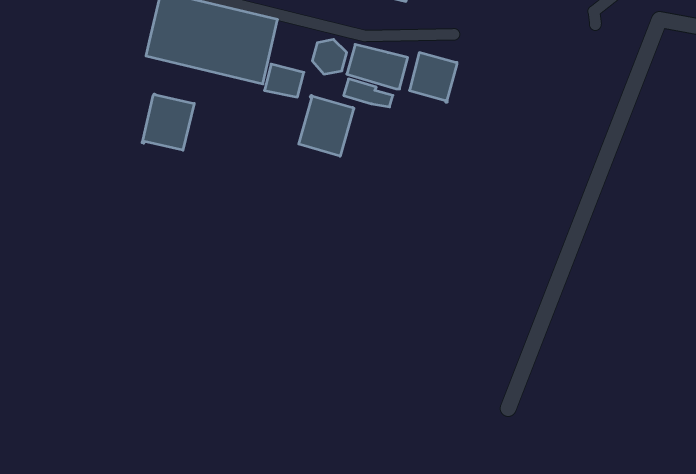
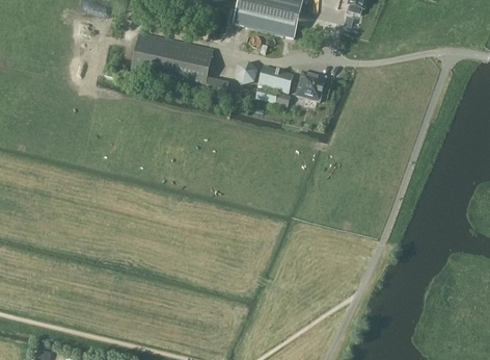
building: [142,94,194,150] -> none
building: [299,95,354,156] -> none

